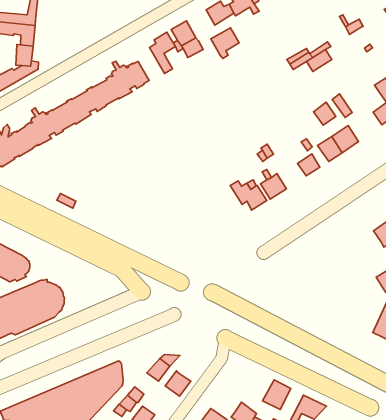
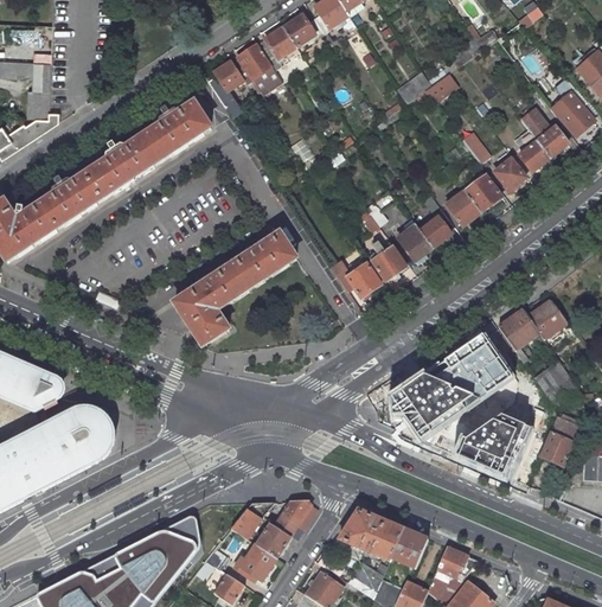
building: [211,28,239,58] -> [257,27,296,70]
building: [313,102,336,125] -> [494,158,525,190]
building: none -> [397,224,433,261]
building: none -> [174,232,296,346]
building: none -> [498,308,540,362]
building: none -> [392,336,512,439]
building: none -> [460,417,531,474]
building: none -> [273,500,316,536]
building: none -> [339,510,404,560]
building: none -> [239,543,276,581]

